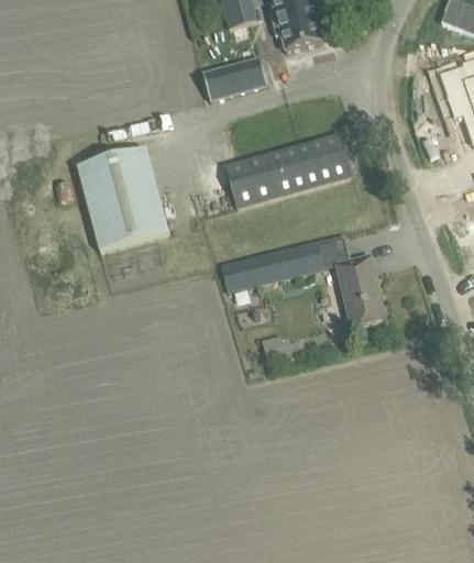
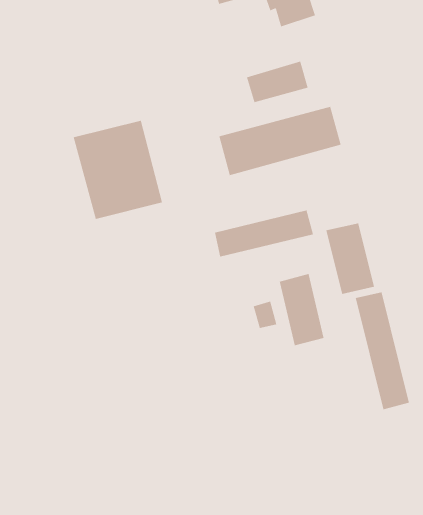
building: [203,57,267,100] -> [246,61,308,103]
building: none -> [279,273,324,346]
building: none -> [355,292,409,410]

